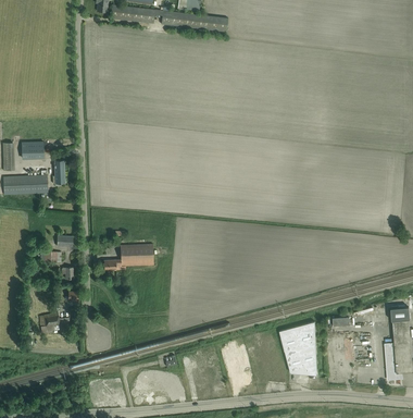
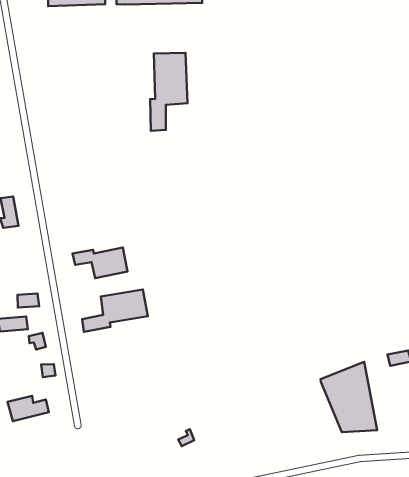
building: none -> [150,53,187,131]
building: none -> [73,248,127,278]

